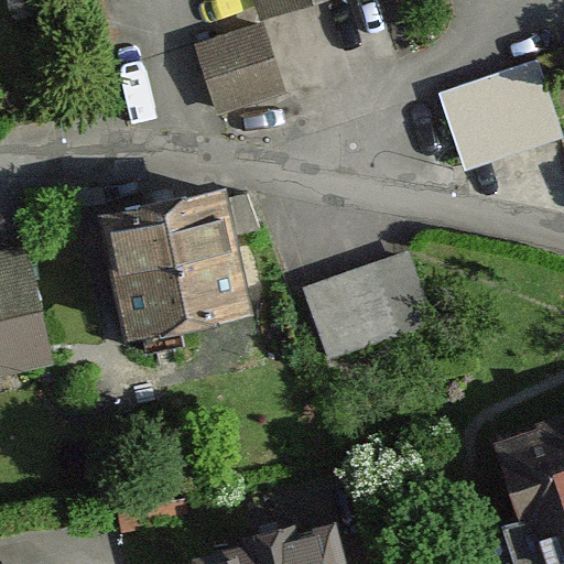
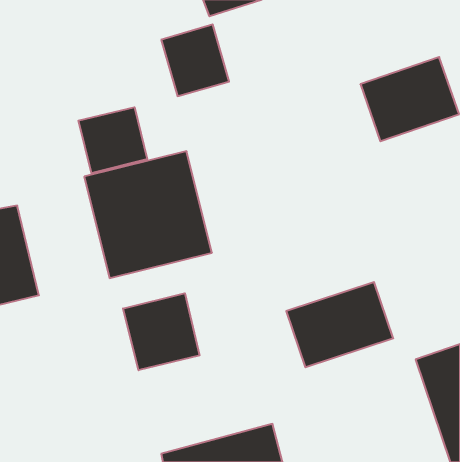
building: none -> [78,107,147,173]
building: [306,251,436,355] -> [286,282,393,367]
building: none -> [123,293,200,370]

